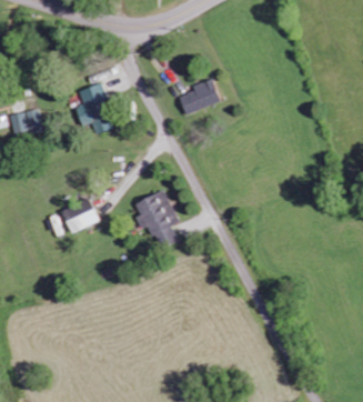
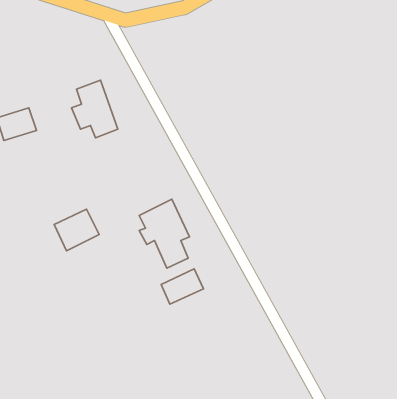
building: [180,79,221,113] -> none
building: none -> [161,269,204,304]

